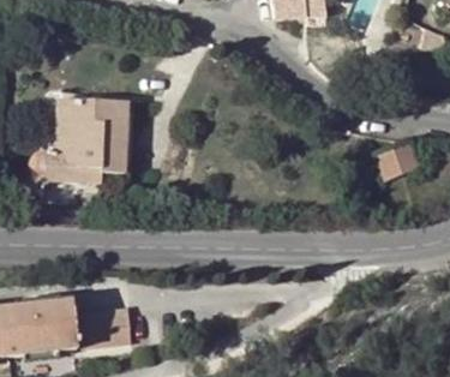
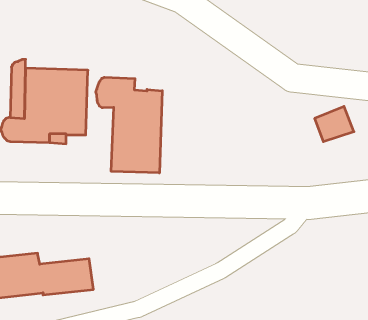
building: none -> [96,77,162,173]

